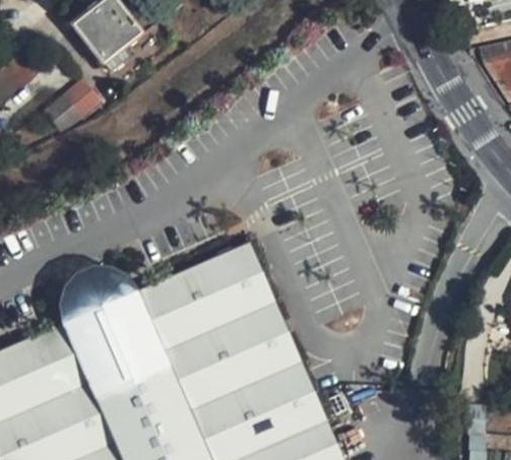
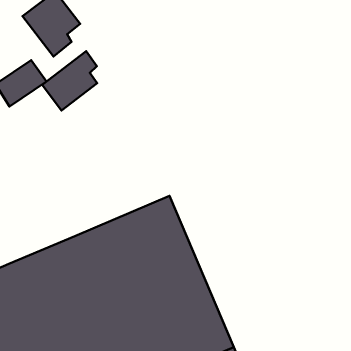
building: none -> [42,51,97,110]
building: [57,266,138,322] -> none

